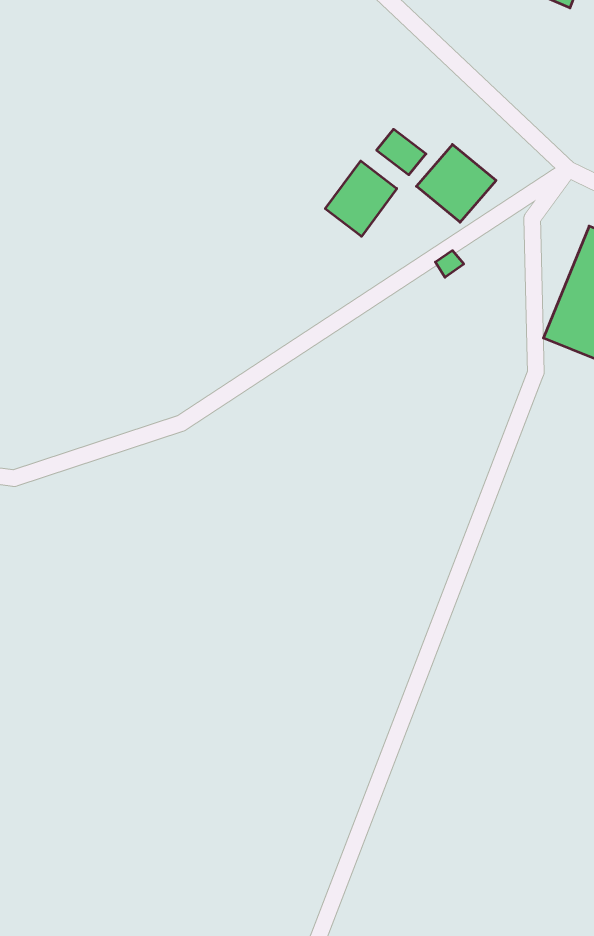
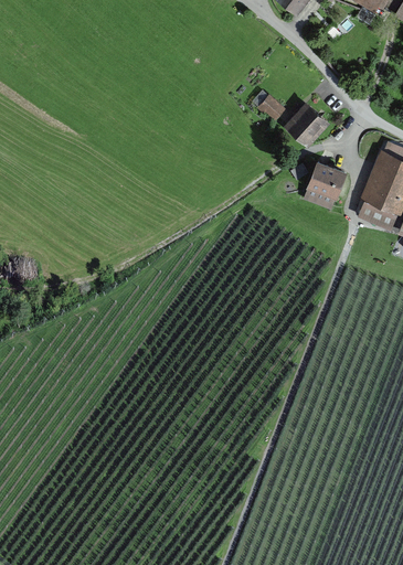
building: [325,161,397,236] -> none
building: none -> [303,162,344,207]

